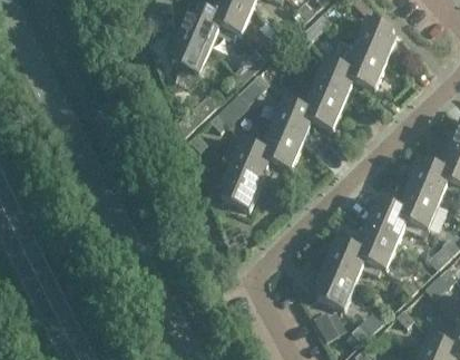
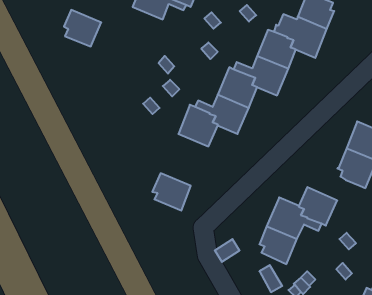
building: [169,35,209,74] -> [64,10,101,46]
building: [217,171,258,211] -> [152,173,191,211]
building: [364,198,421,242] -> none

